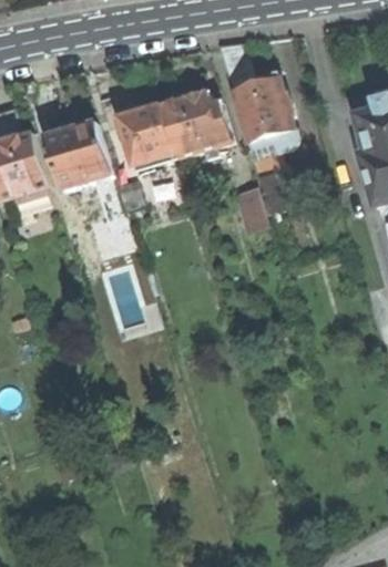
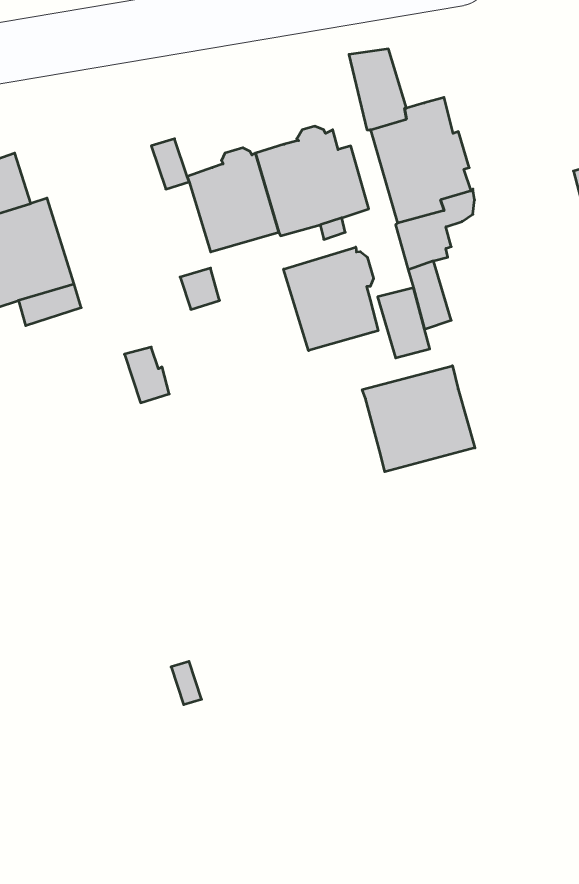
building: [45,122,113,190] -> none
building: none -> [284,247,378,351]
building: none -> [362,366,475,472]

